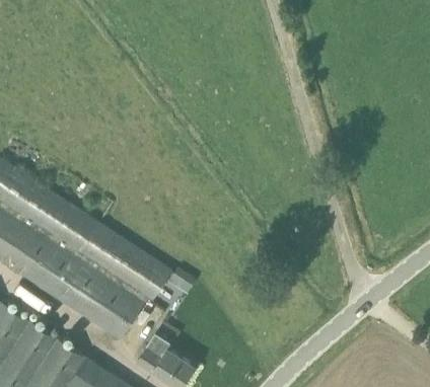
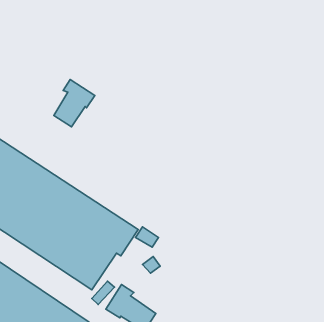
building: none -> [54,80,95,127]

